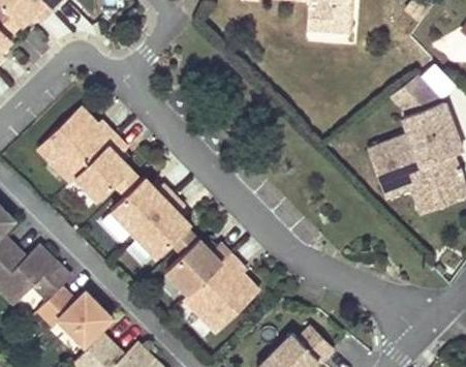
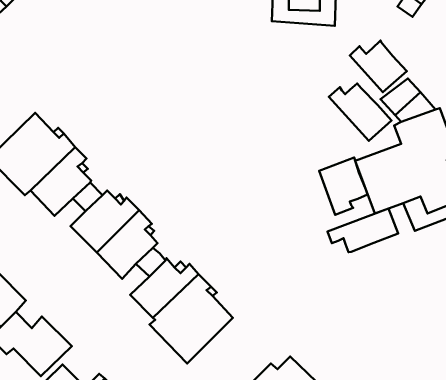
building: none -> [350,40,407,92]
building: none -> [329,83,392,141]
building: none -> [319,157,368,215]
building: none -> [328,209,398,252]

